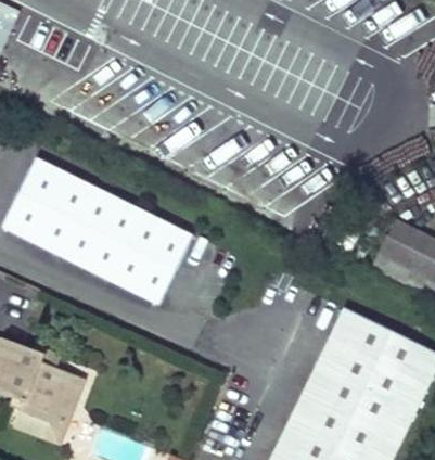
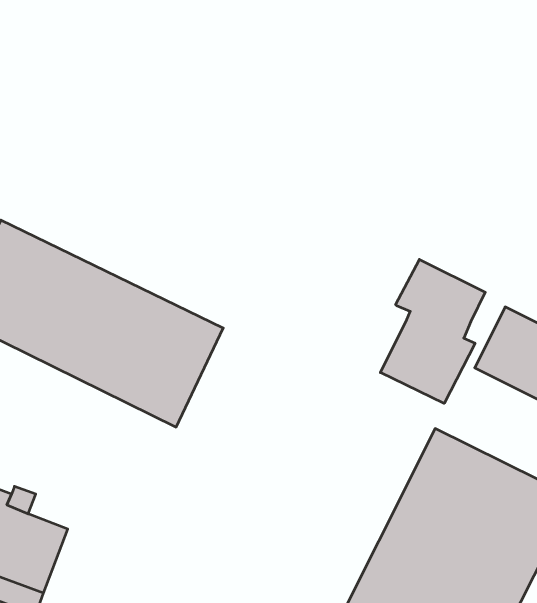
building: none -> [380,259,485,403]

